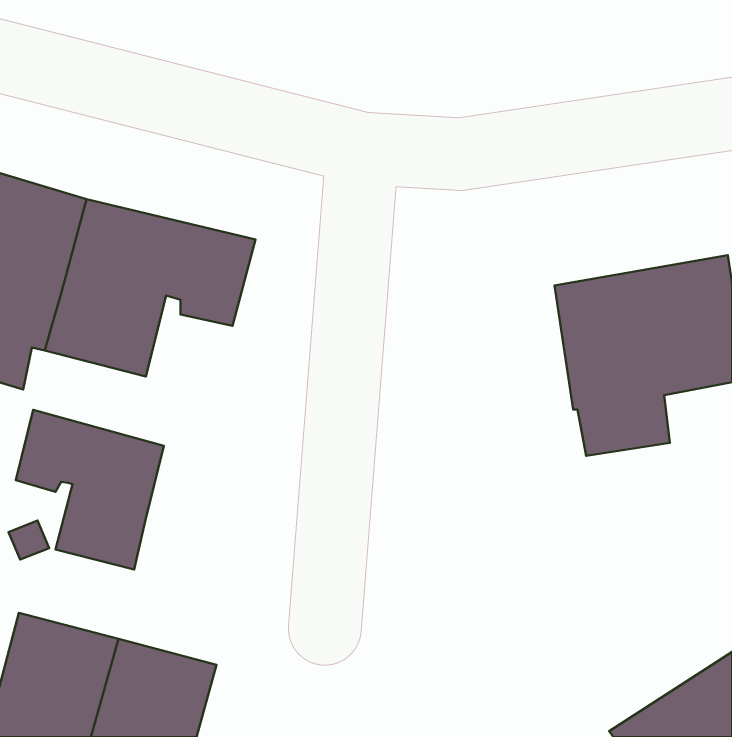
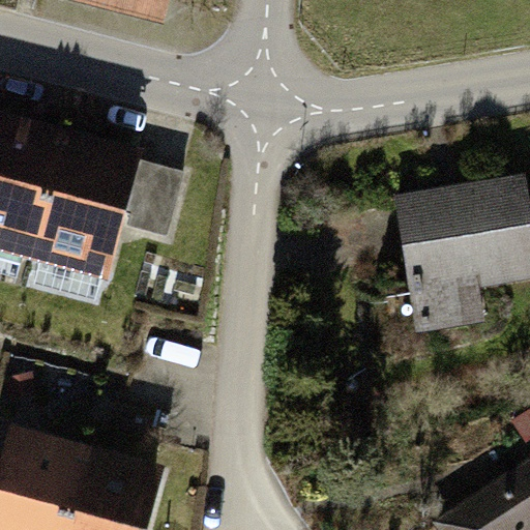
building: [16,410,164,570] -> none

